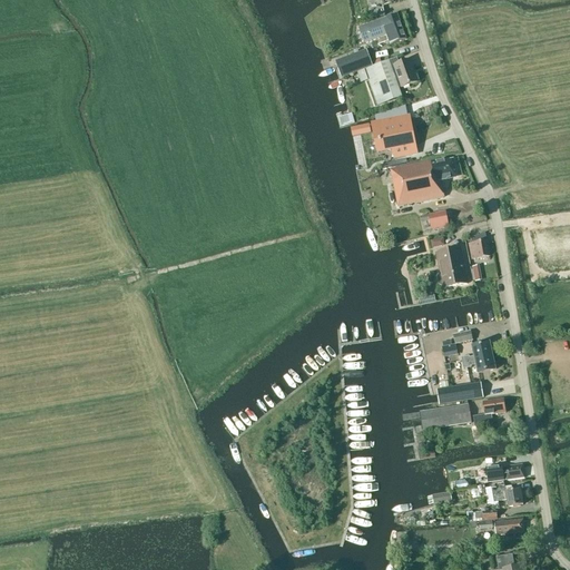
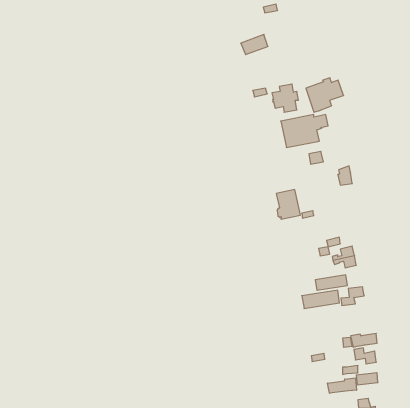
building: [358,13,405,42] -> none
building: [365,56,417,104] -> [306,78,344,112]
building: [435,246,469,287] -> [276,190,300,219]
building: none -> [328,378,356,393]

